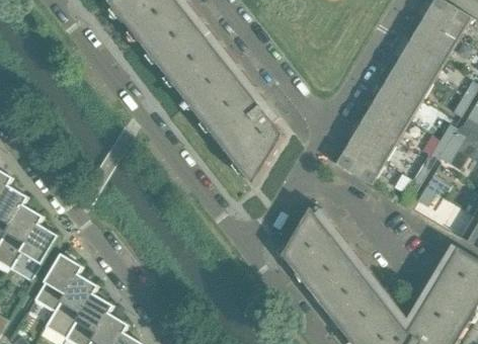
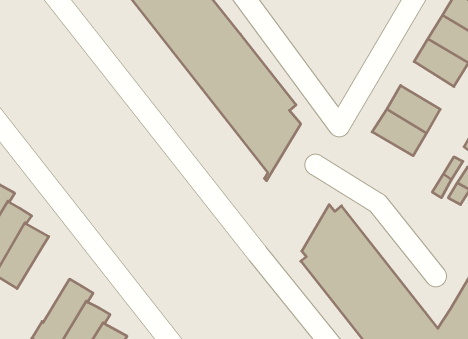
building: [372,81,419,123] -> none
building: [333,144,383,187] -> none
building: [32,255,82,314] -> none

